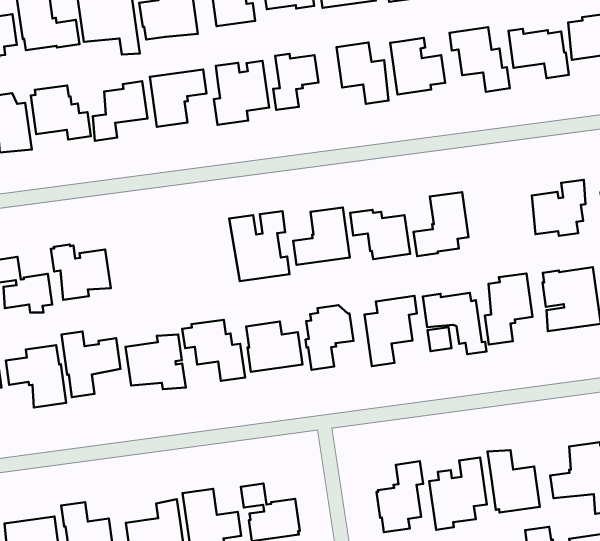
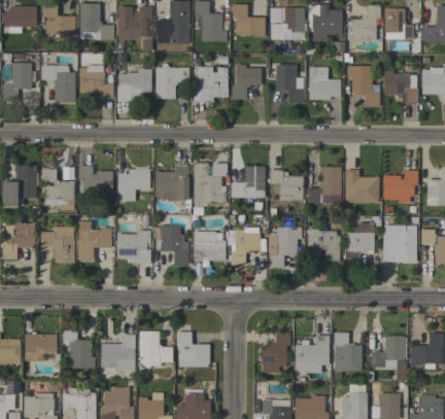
building: none -> [345,170,379,203]
building: none -> [155,166,190,201]
building: none -> [117,167,150,202]

